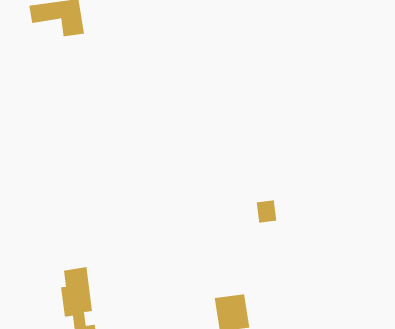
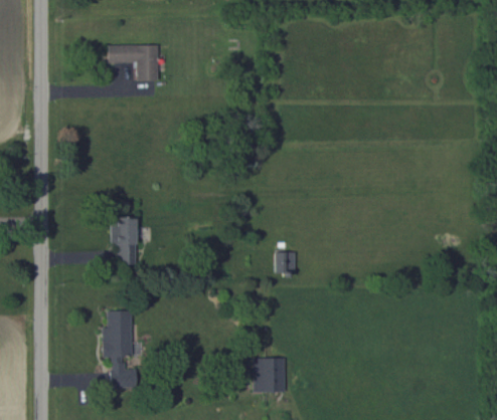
building: none -> [113,217,135,264]
building: [256,200,277,223] -> [276,252,295,273]

